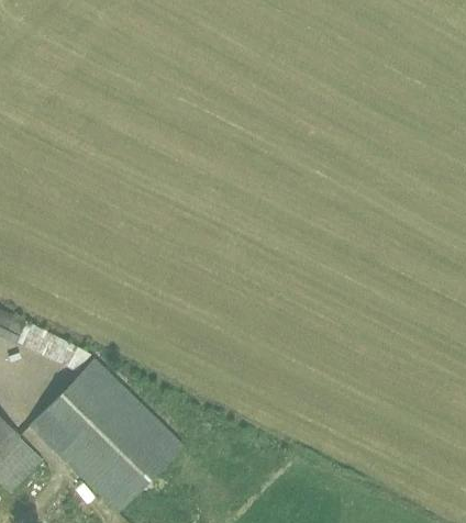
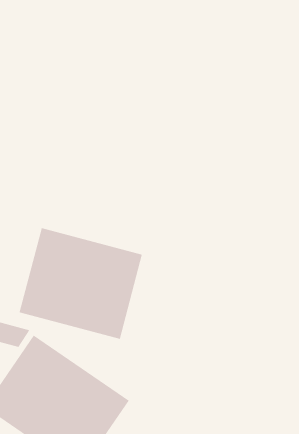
building: none -> [19,227,143,340]

